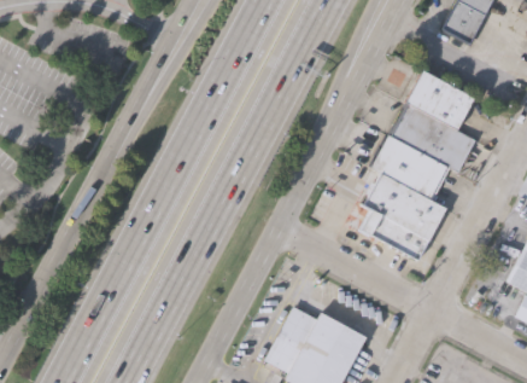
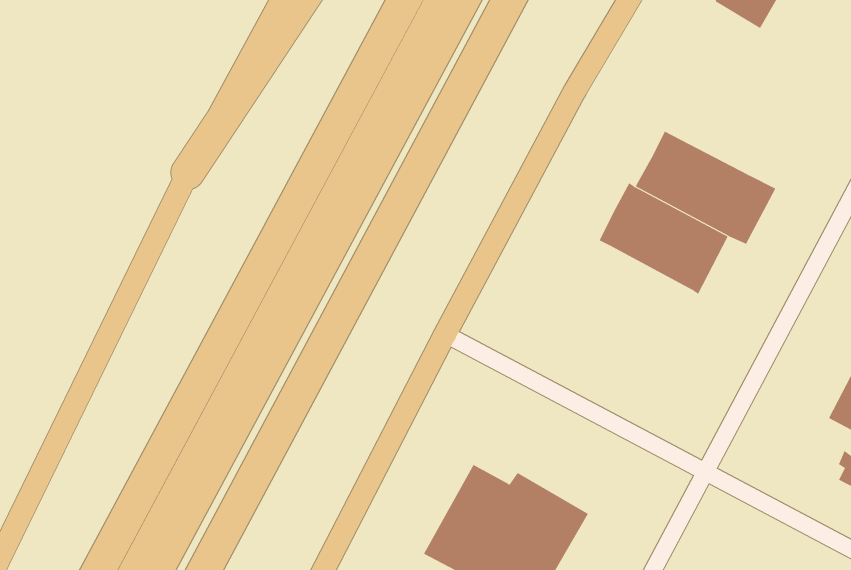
building: [408,71,478,132] -> none
building: [351,175,441,260] -> none

